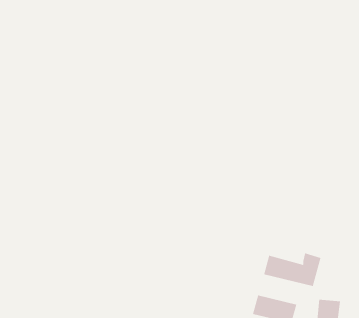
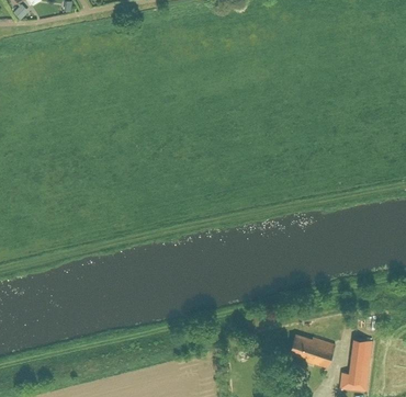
building: [263,253,321,287] -> none

